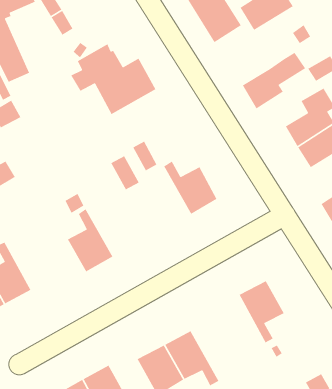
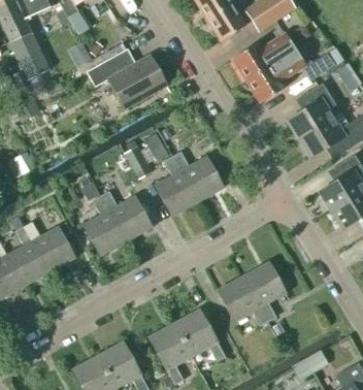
building: none -> [232,35,296,80]
building: none -> [156,156,199,216]
building: none -> [101,191,153,240]
building: none -> [26,222,75,271]
building: none -> [218,275,268,326]

